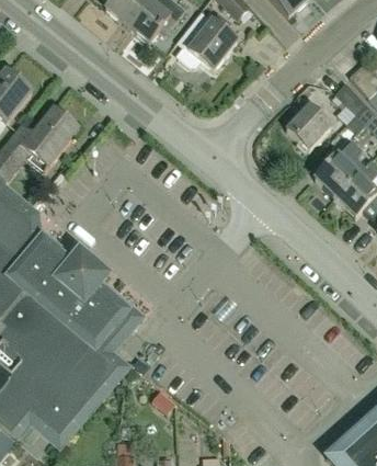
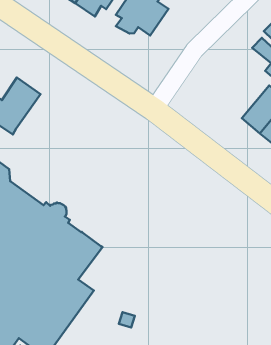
building: [286,103,331,148] -> none

